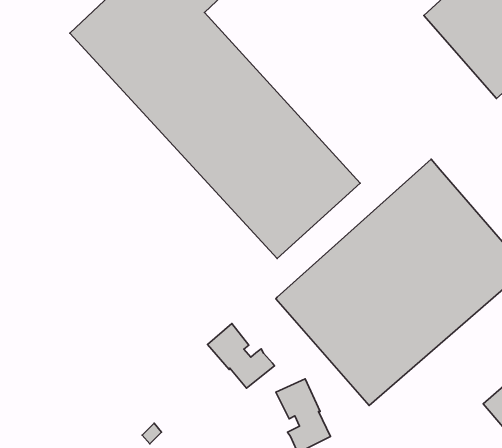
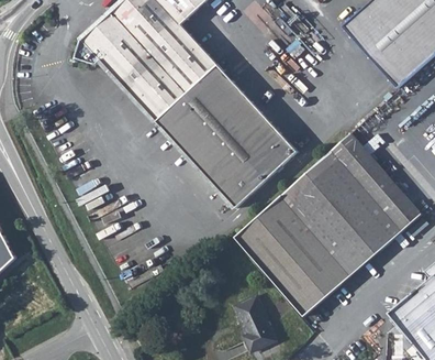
building: [208,324,274,388] -> none

